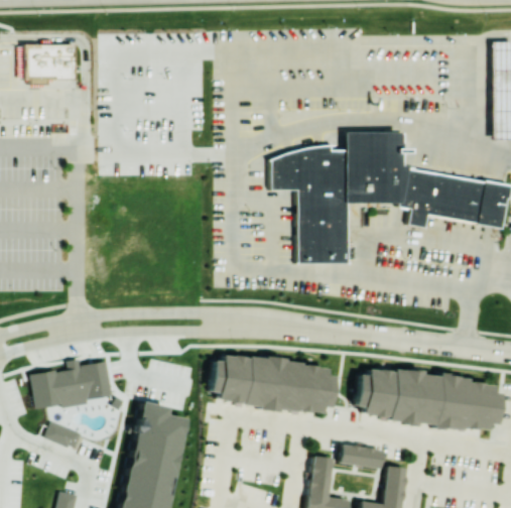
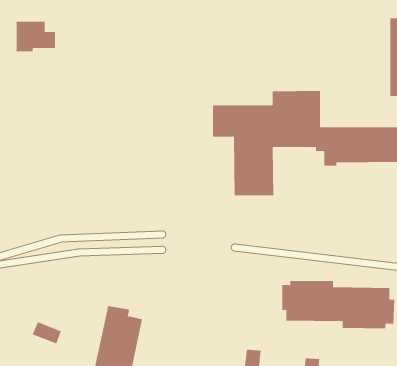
building: [212,355,335,412] -> none
building: [32,358,114,407] -> none
building: [341,443,384,468] -> none

